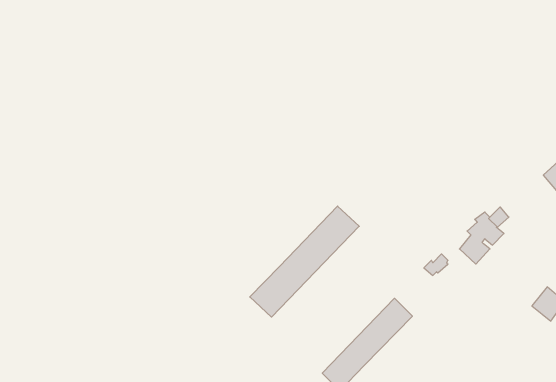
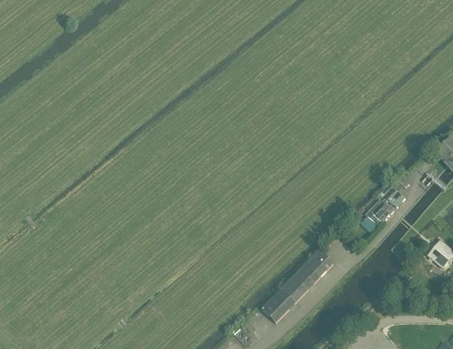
building: [250,206,359,317] -> none

